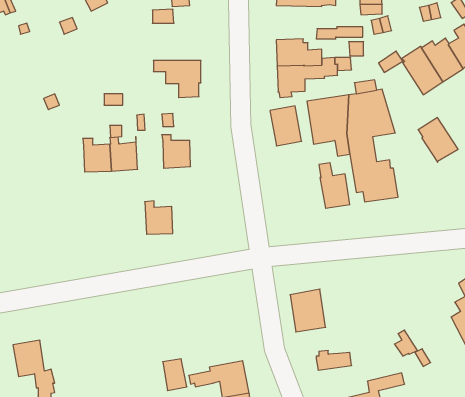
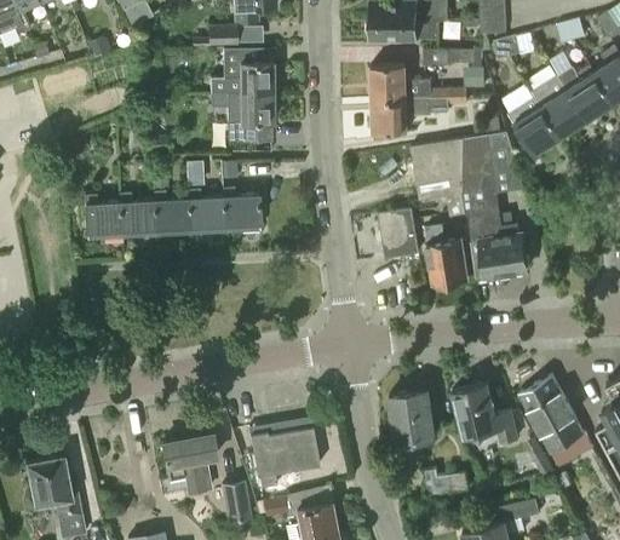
building: none -> [371,21,440,40]
building: none -> [209,48,272,92]
building: [270,106,302,146] -> [378,207,419,259]
building: [418,118,458,162] -> [510,96,562,154]
building: none -> [84,195,121,239]
building: [145,201,173,234] -> [188,190,224,234]
building: none -> [517,375,584,464]
building: none -> [450,384,517,443]
building: none -> [251,427,318,487]
building: none -> [161,435,217,493]

